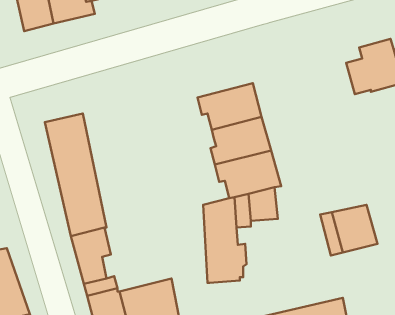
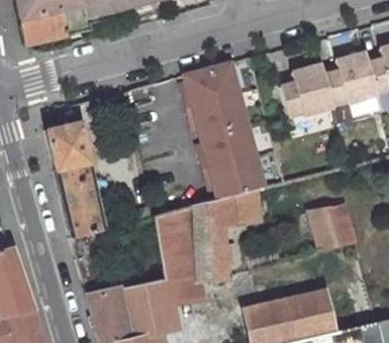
building: none -> [185,61,240,105]
building: none -> [284,62,336,114]
building: none -> [154,205,202,301]

